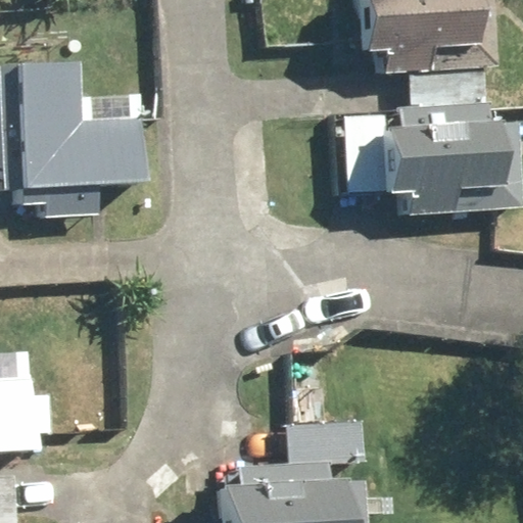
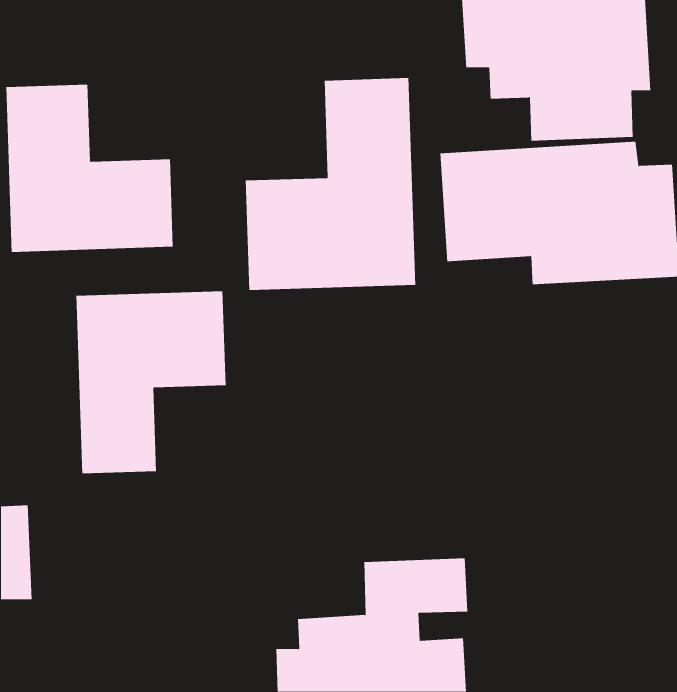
building: none -> [245,77,416,291]
building: none -> [76,291,226,474]

